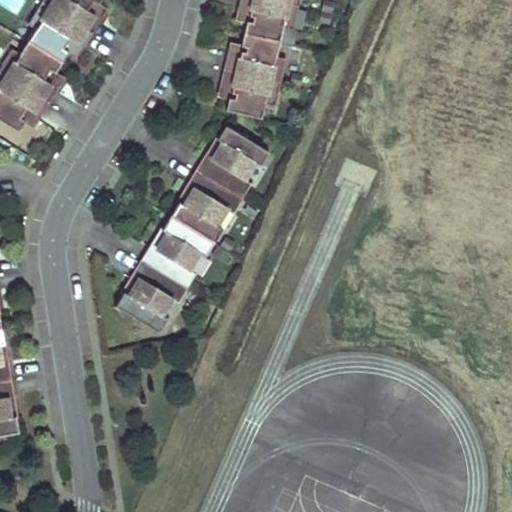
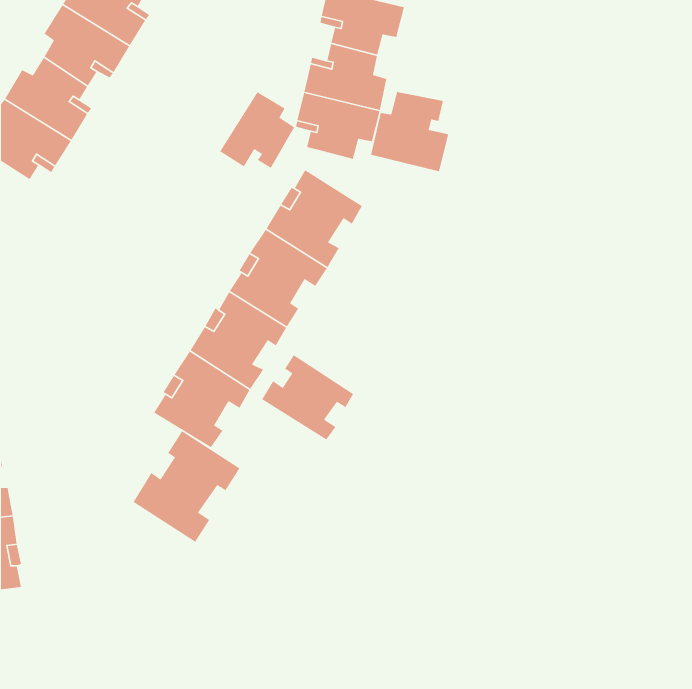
building: none -> [219,91,295,169]
building: none -> [370,91,449,172]
building: none -> [261,354,354,441]
building: none -> [133,430,241,543]

